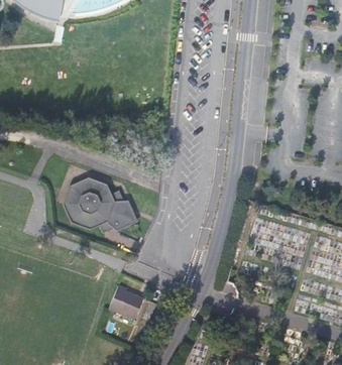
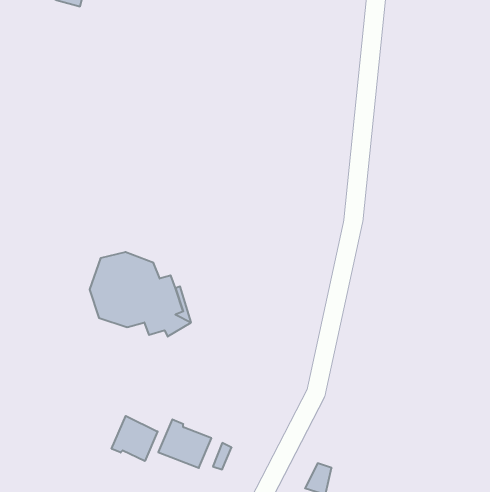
building: none -> [112,416,158,461]

